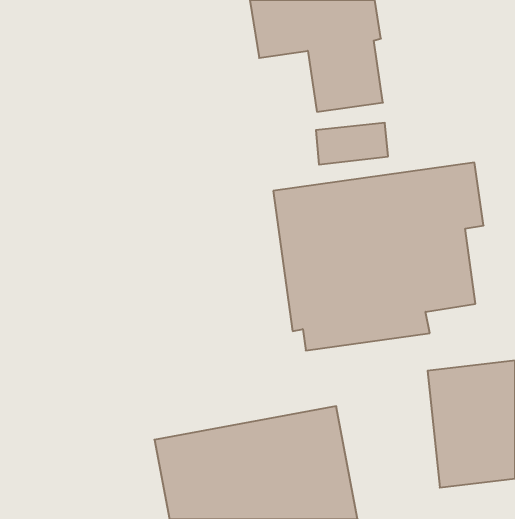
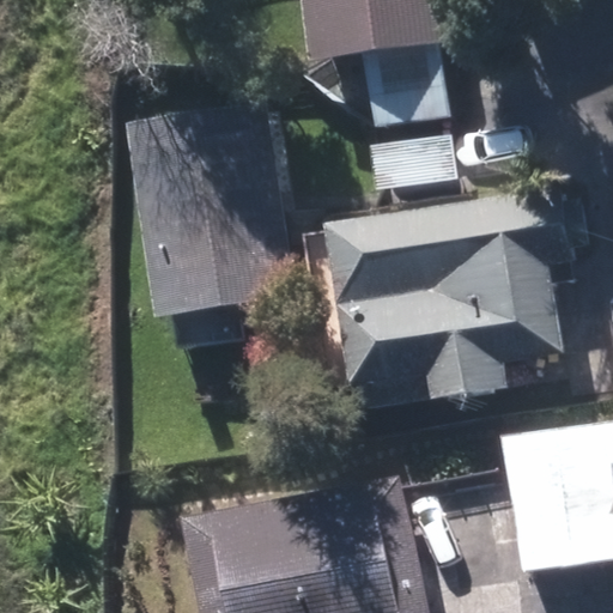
building: none -> [132,110,295,320]

